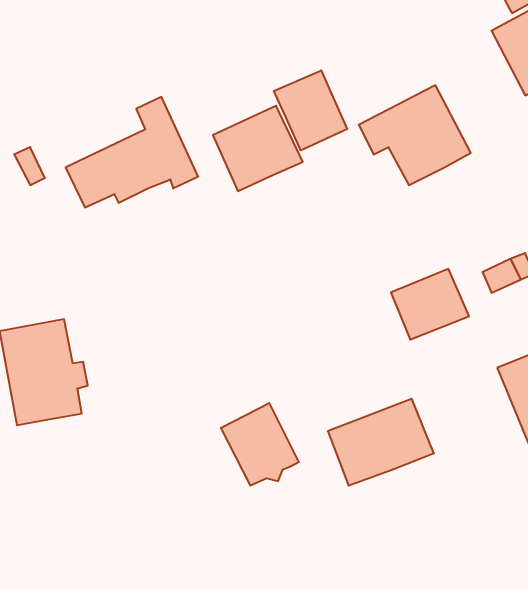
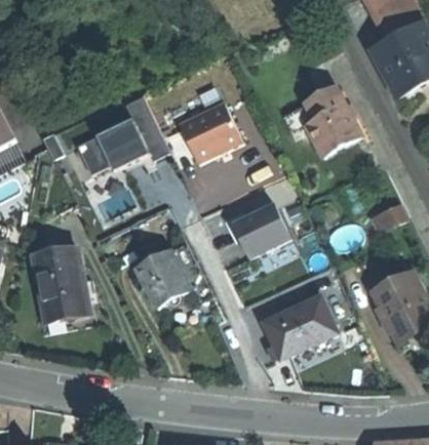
building: [274,70,347,150] -> none
building: [391,269,469,340] -> [233,204,287,253]
building: [221,403,299,486] -> [134,248,189,306]

